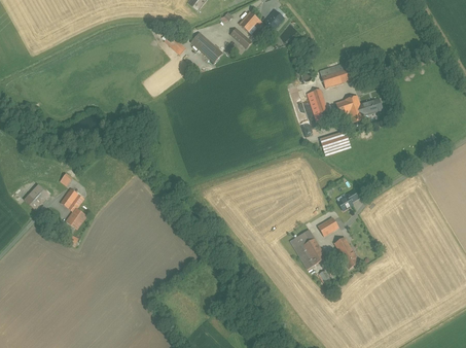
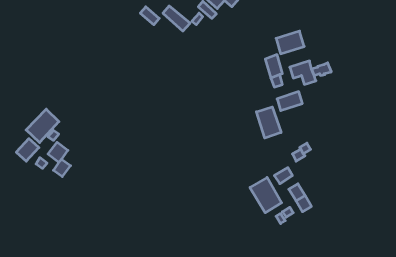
building: none -> [256,107,281,138]
building: none -> [26,109,59,143]

